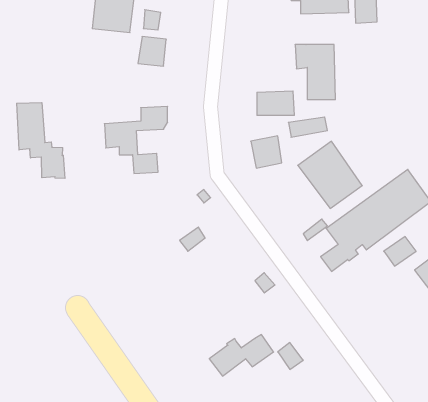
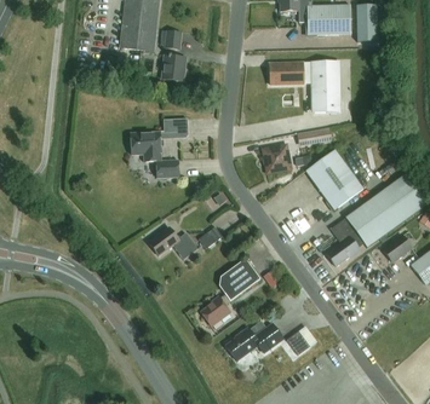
building: [257,91,294,115] -> [270,62,304,83]
building: [17,103,65,178] -> none
building: none -> [149,226,199,259]
building: none -> [201,258,260,325]

